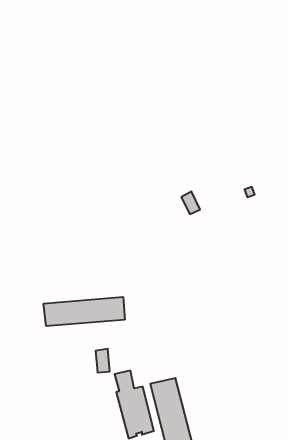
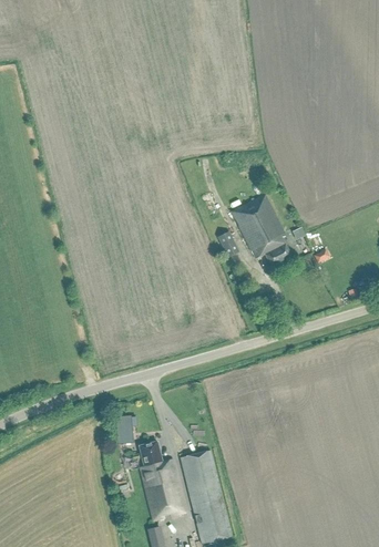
building: none -> [232,195,291,268]
building: [44,297,125,326] -> none

